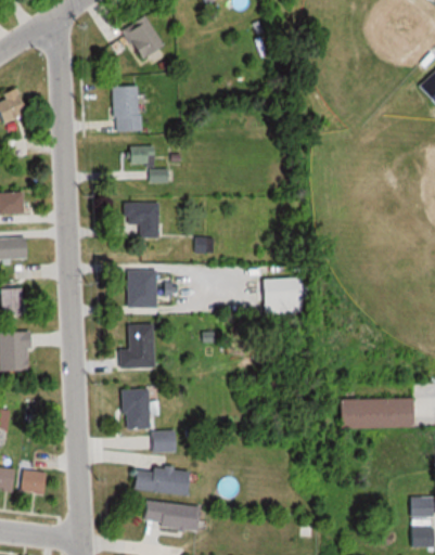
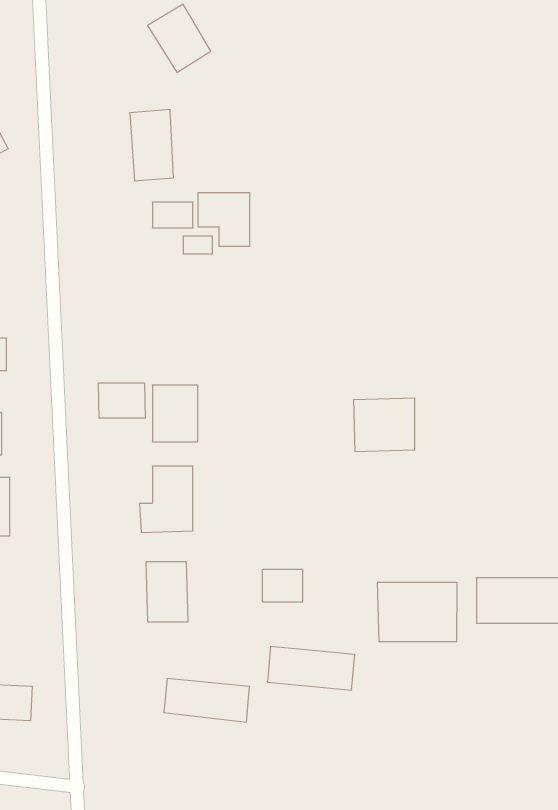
building: [125,202,159,237] -> [198,193,250,246]
building: none -> [98,383,145,418]
building: none -> [377,582,457,642]
building: [151,429,178,451] -> [262,569,303,602]
building: [144,500,203,529] -> [267,646,355,690]

